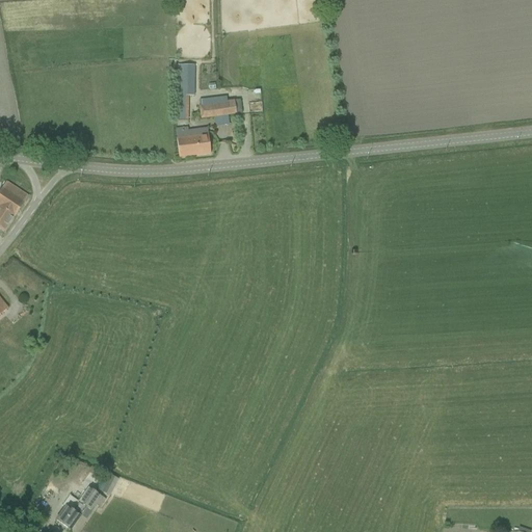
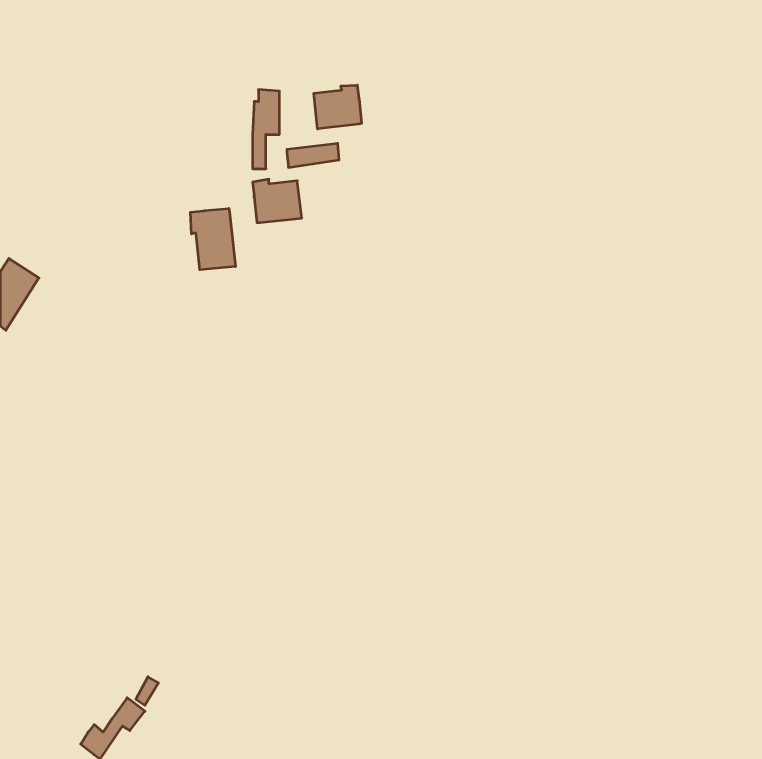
building: none -> [314,85,362,129]
building: none -> [190,208,235,270]

